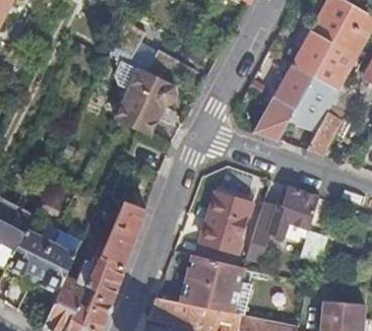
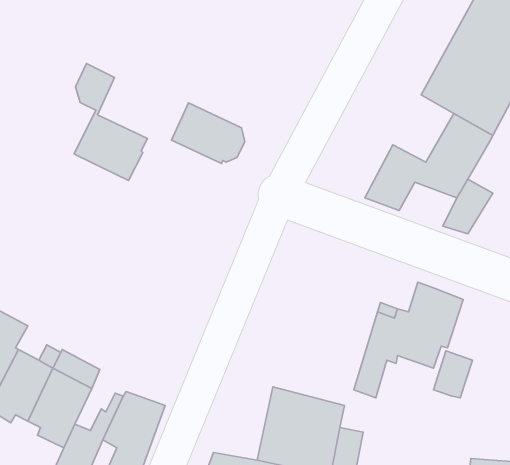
building: [113,60,161,136] -> [74,63,147,180]
building: [272,64,312,108] -> none
building: [200,192,251,252] -> none
building: [99,201,145,266] -> none

